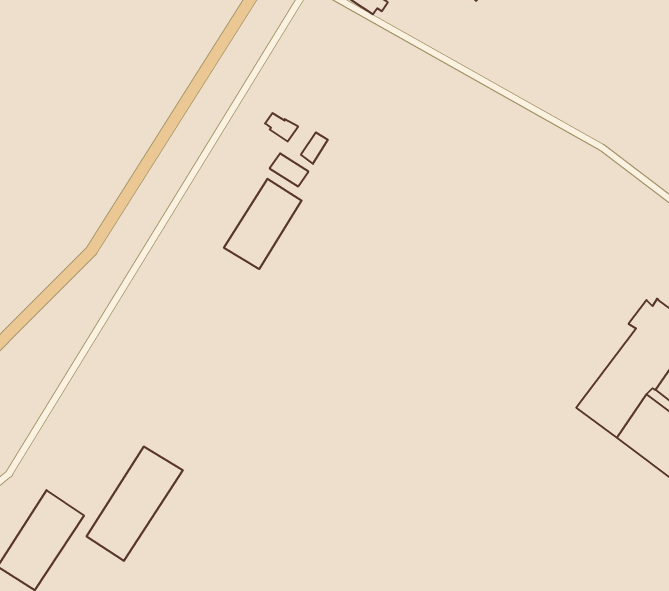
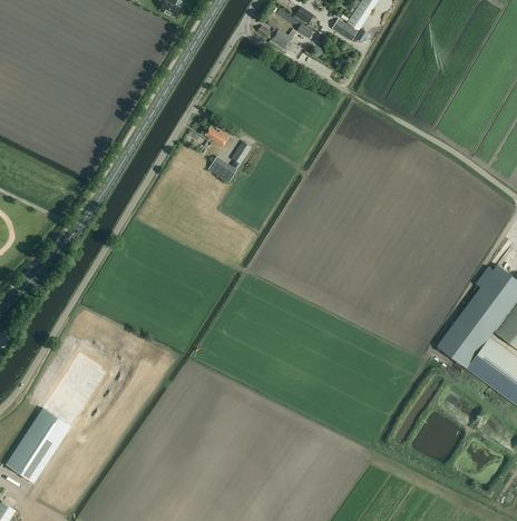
building: [224,179,302,269] -> none
building: [87,446,183,561] -> none

